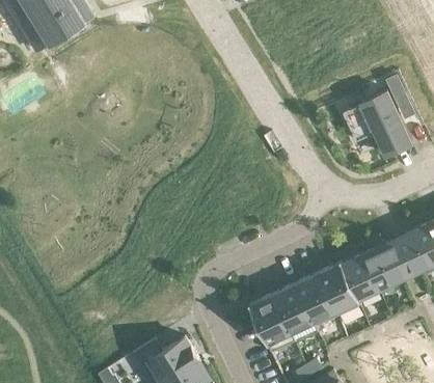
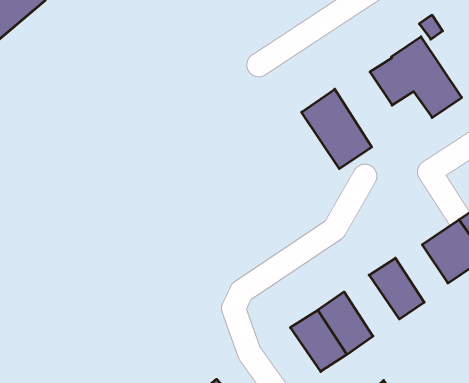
building: none -> [302,89,372,169]
building: [340,256,378,302] -> none
building: [295,274,335,323] -> none

